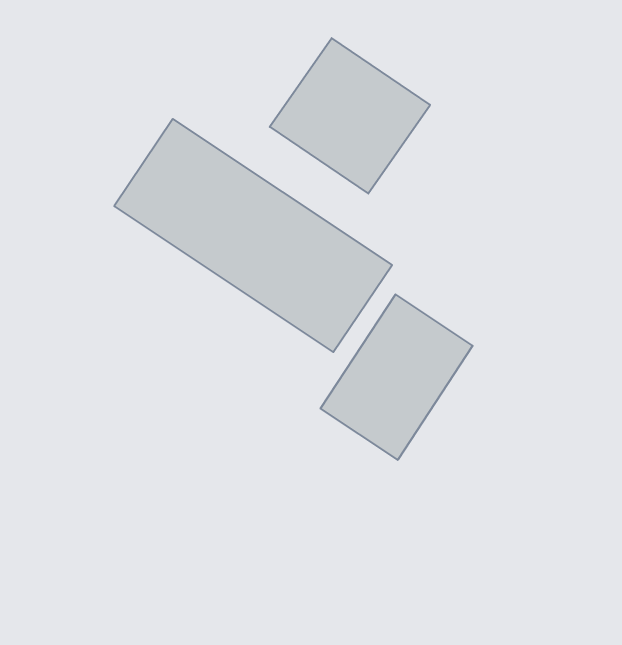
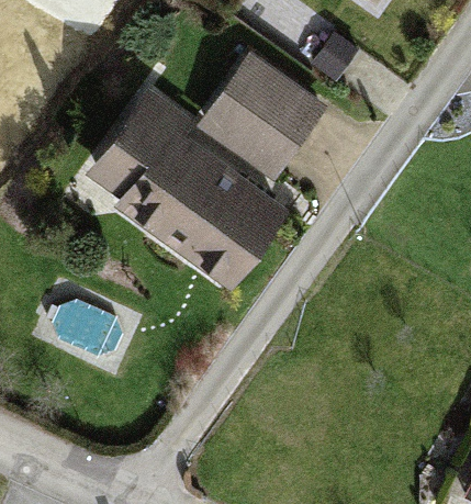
building: [321,294,473,460] -> none

